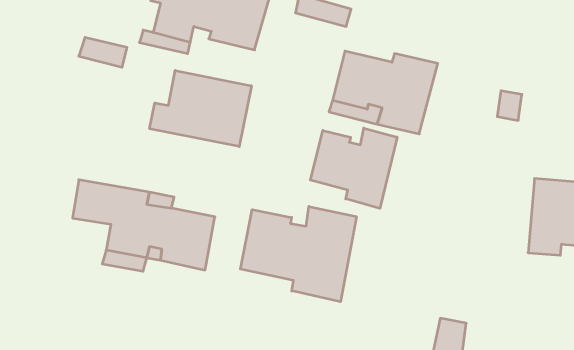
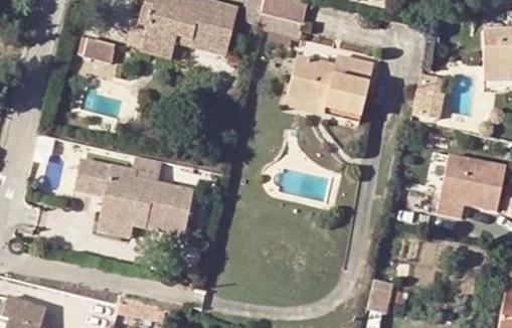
building: [150,70,251,147] -> none
building: [310,128,397,208] -> none
building: [240,206,356,302] -> none

